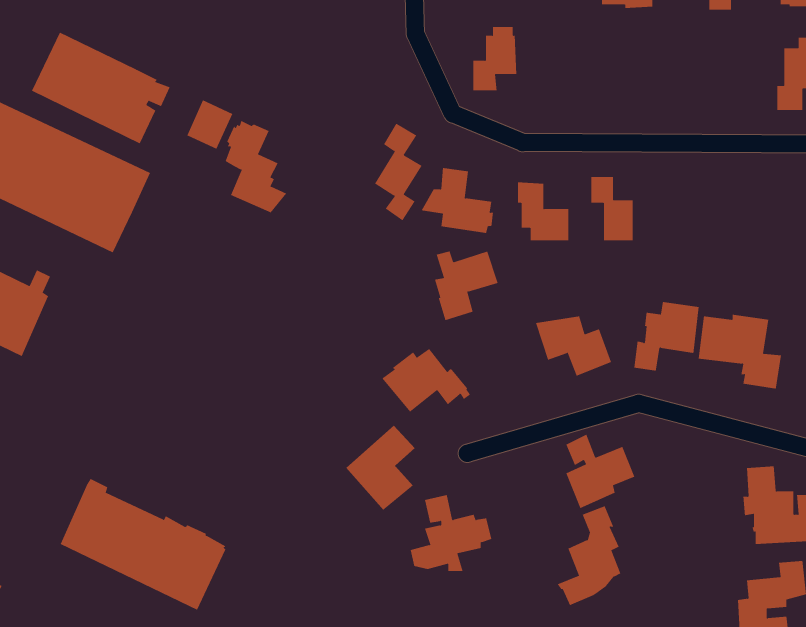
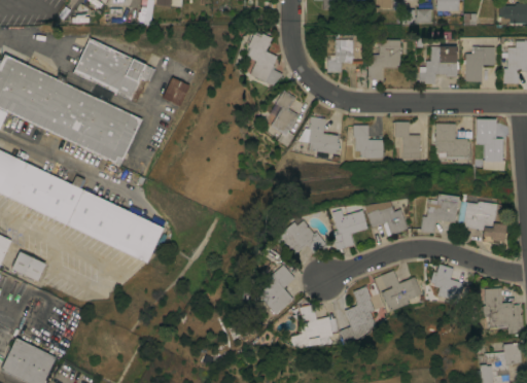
building: none -> [367,40,399,79]
building: none -> [419,45,459,84]
building: none -> [463,46,494,81]
building: [225,120,287,213] -> [246,32,282,85]
building: none -> [477,119,505,171]
building: none -> [435,124,467,159]
building: [434,251,499,321] -> [330,210,367,250]
building: none -> [429,265,463,301]
building: [60,478,226,610] -> [68,187,164,264]
building: [557,506,621,606] -> [339,286,376,344]

